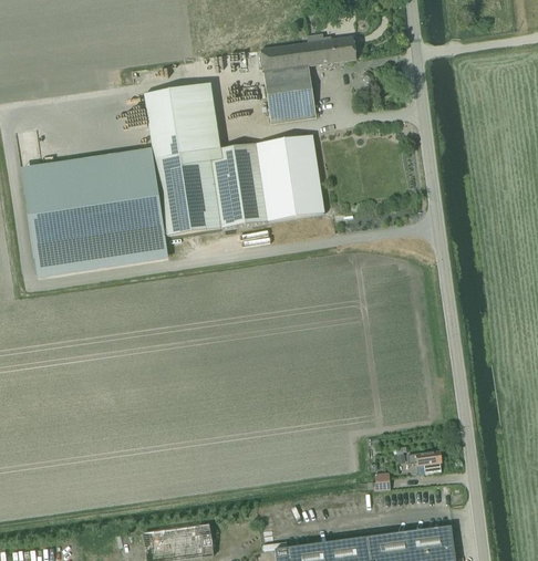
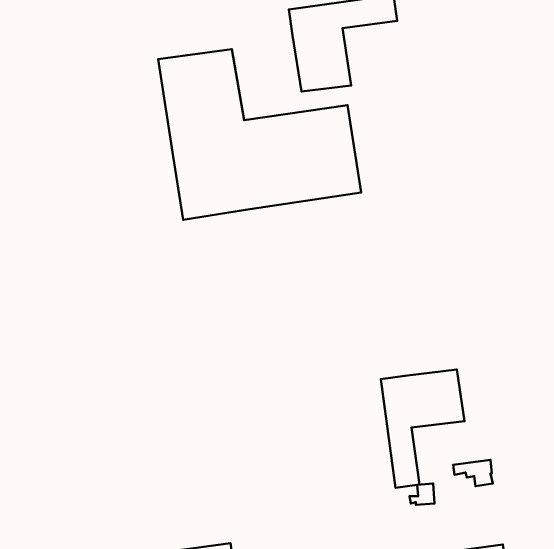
building: [22,148,168,277] -> none
building: none -> [381,370,464,488]

